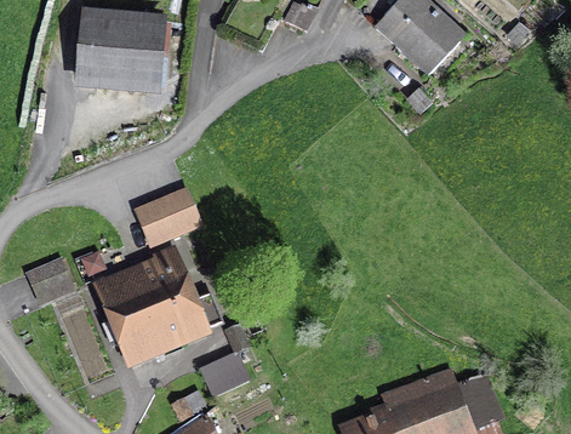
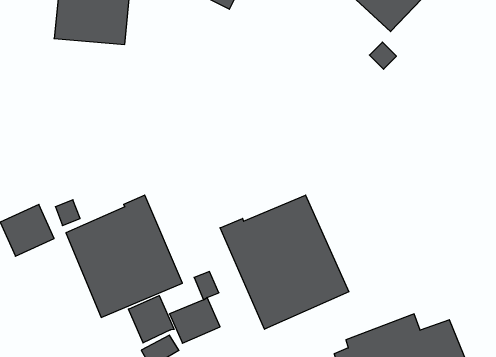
building: [132,185,204,249] -> none
building: none -> [220,195,349,329]
building: none -> [128,296,174,343]

